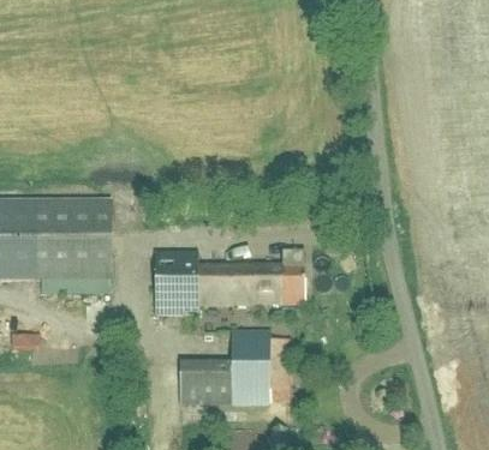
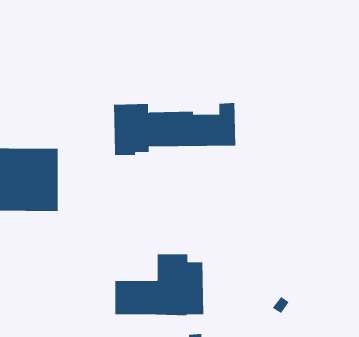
building: [154,251,304,316] -> [113,102,236,156]

